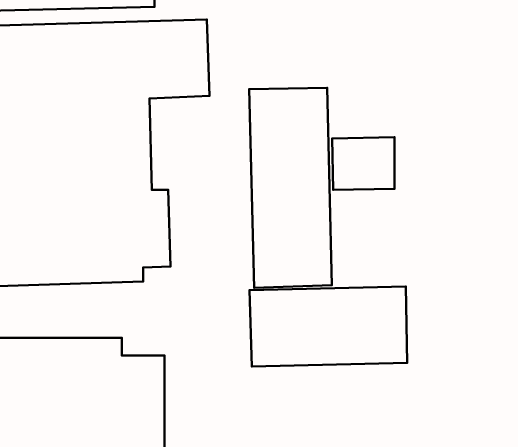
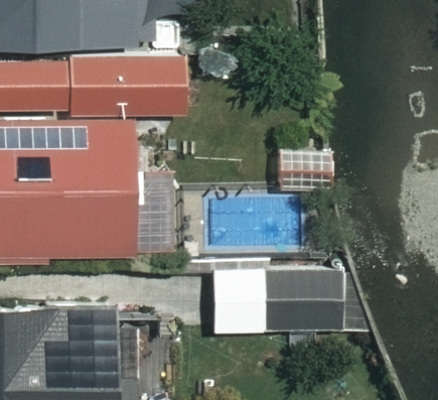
building: [249,88,332,288] -> none

